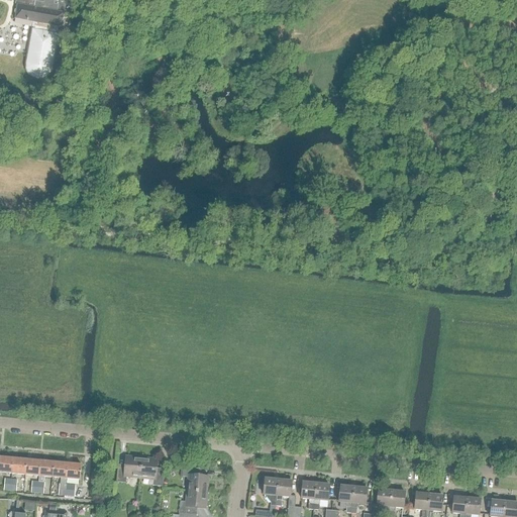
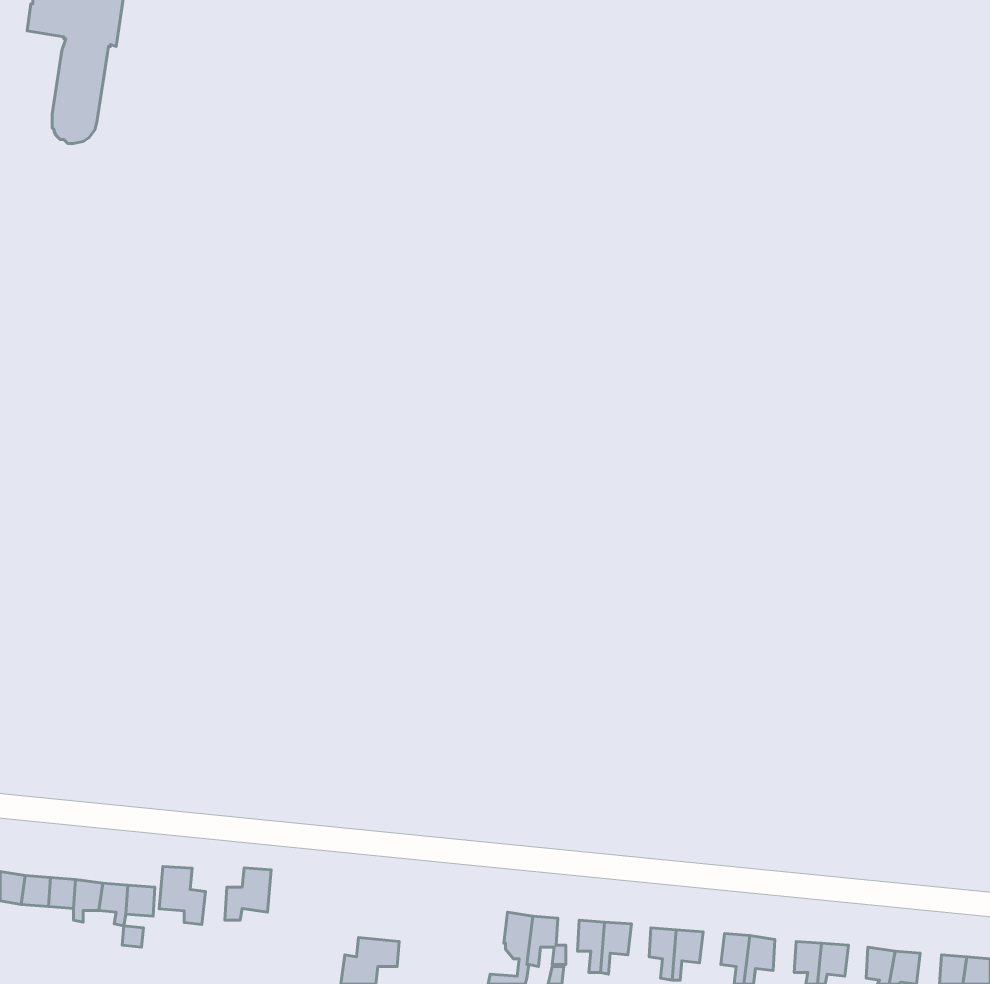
building: [139,453,164,484] -> [159,866,206,924]
building: [182,466,209,491] -> none

